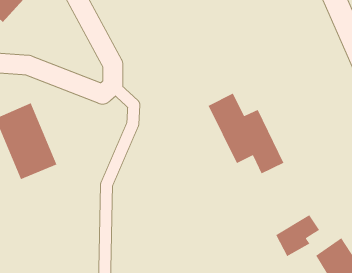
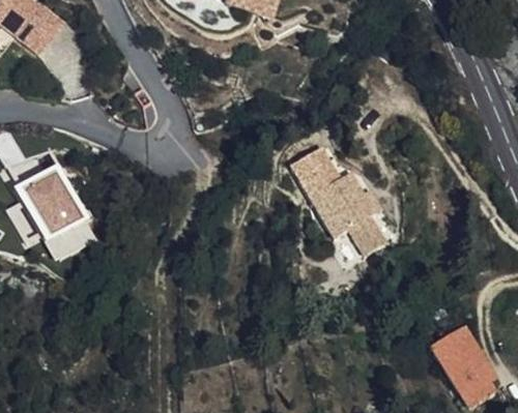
building: [275,214,320,257] -> none

